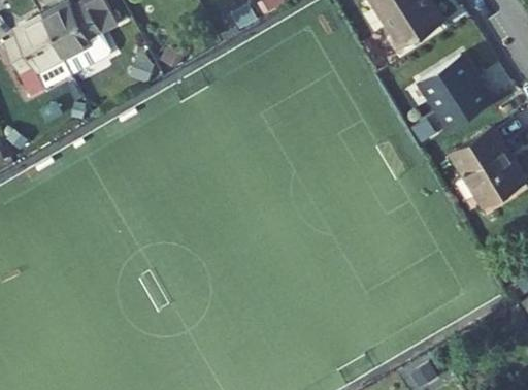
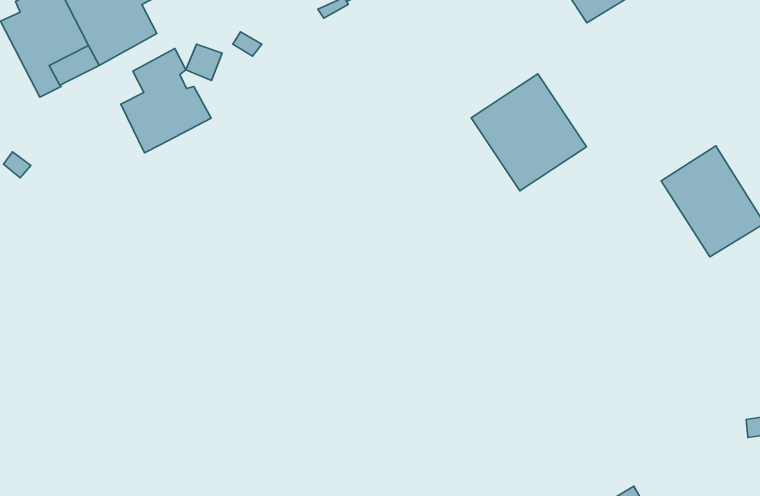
building: [412,51,491,130] -> [471,74,586,191]
building: none -> [121,49,211,153]

